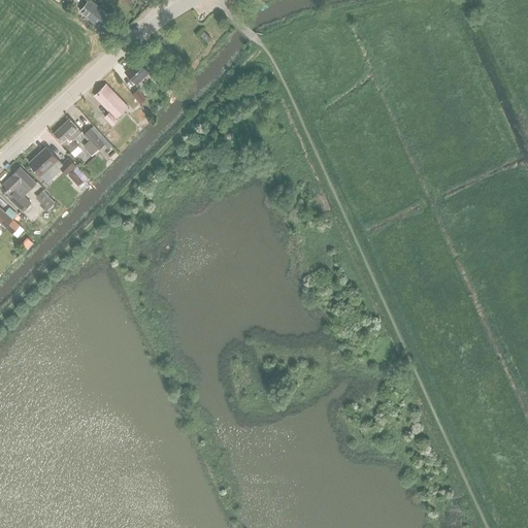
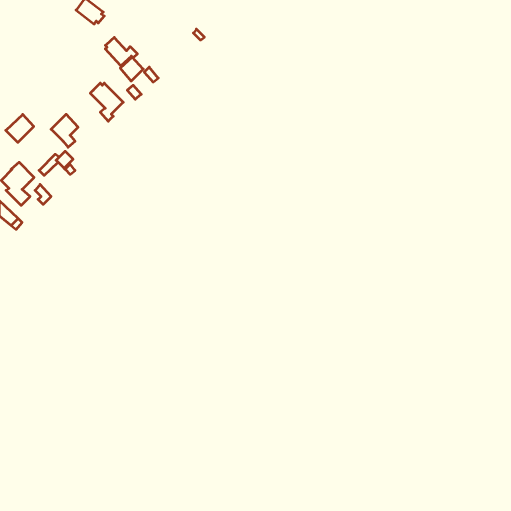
building: none -> [105,37,137,66]
building: [82,125,111,155] -> none
building: [28,146,57,175] -> [6,114,34,142]

